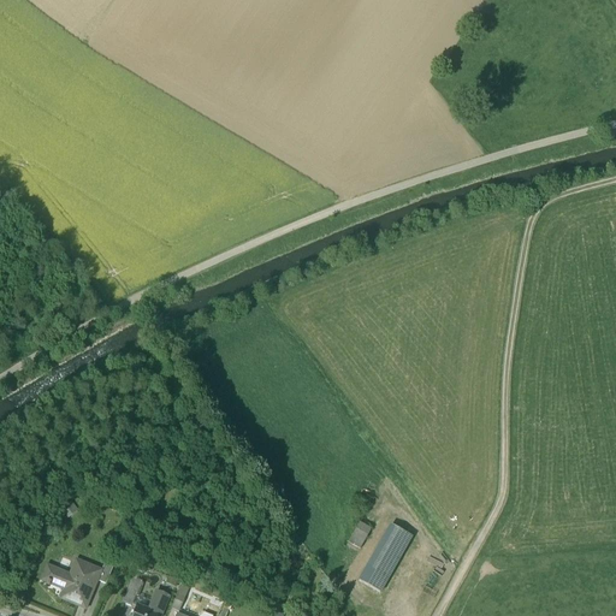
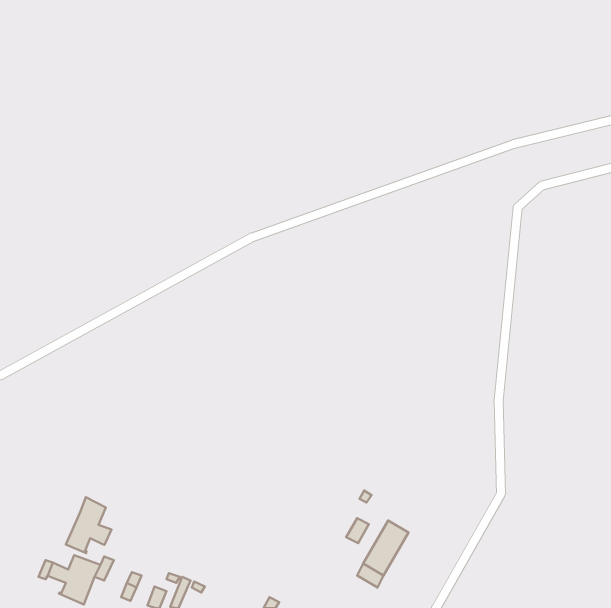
building: none -> [66,497,112,553]

